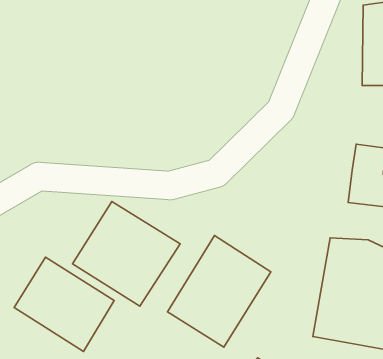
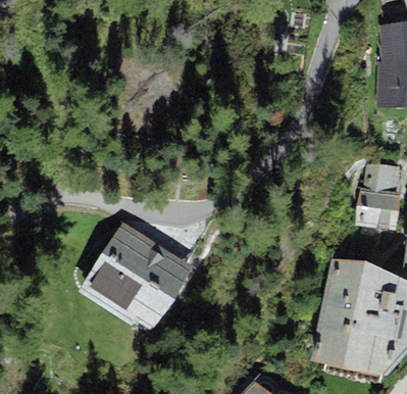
building: [168,236,271,347] -> none
building: [14,257,114,352] -> none

